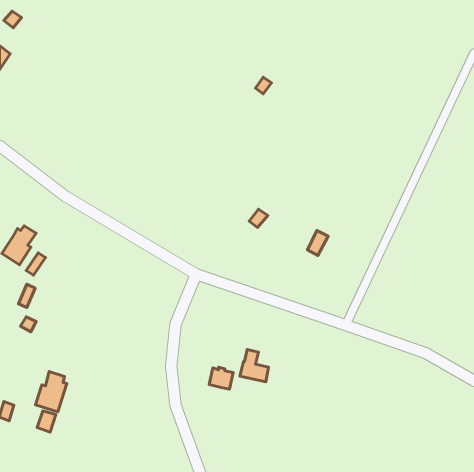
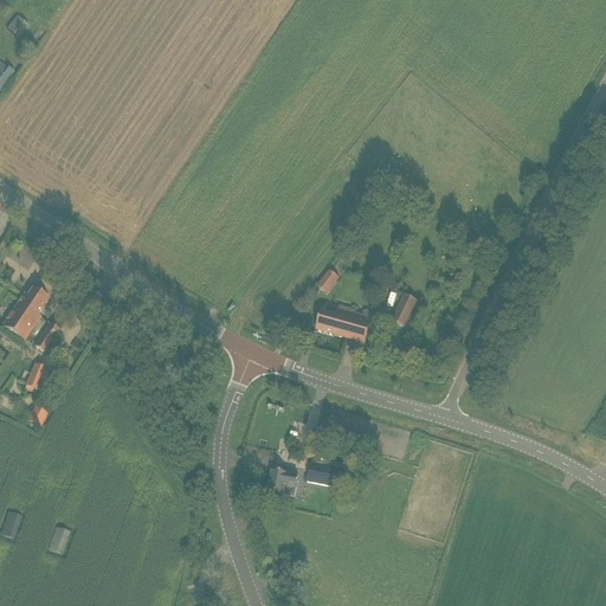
building: none -> [314,302,372,342]
building: [36,372,67,412] -> none

